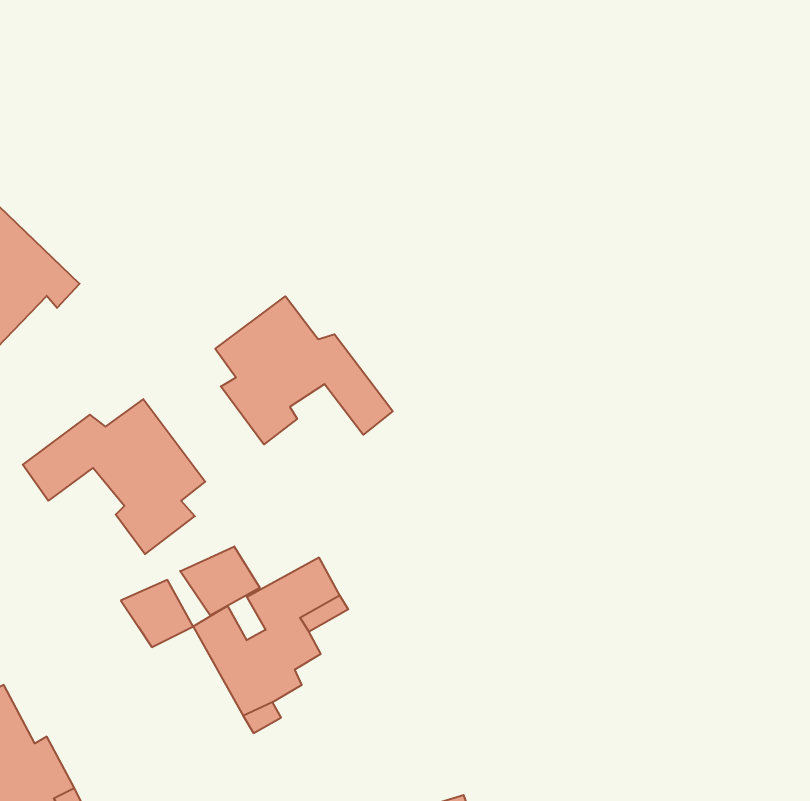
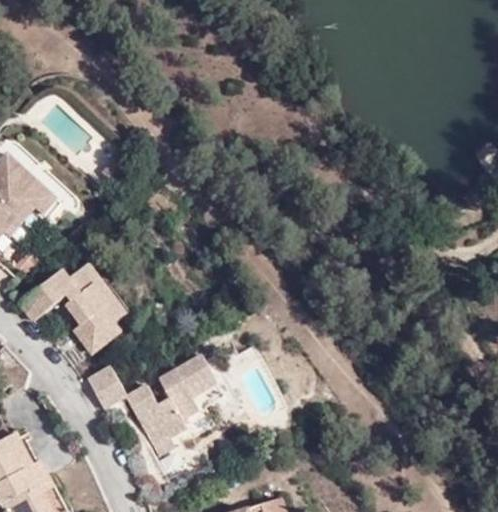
building: [215,296,393,444] -> none
building: [180,546,260,615] -> none

